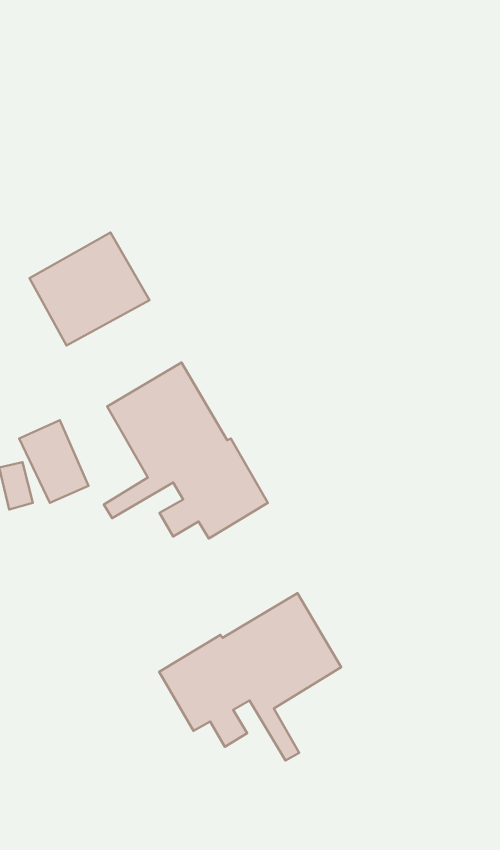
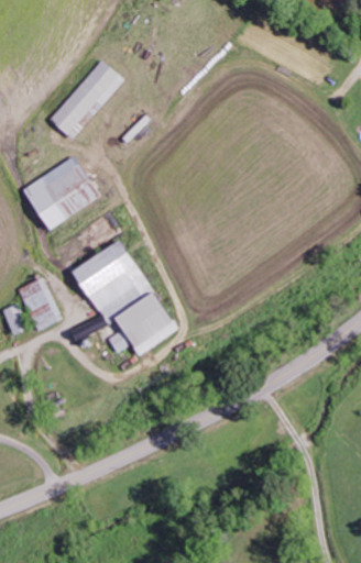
building: none -> [46,59,121,140]
building: [159,593,341,760] -> none

